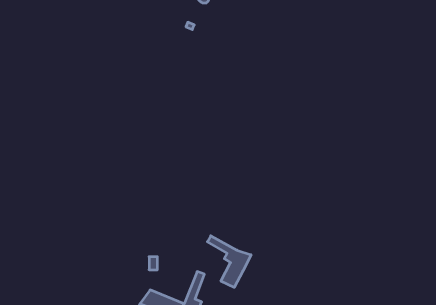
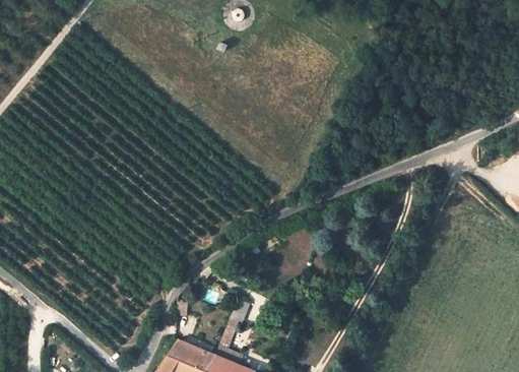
building: [207,236,251,287] -> none

